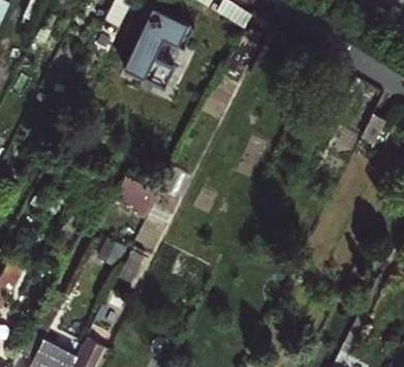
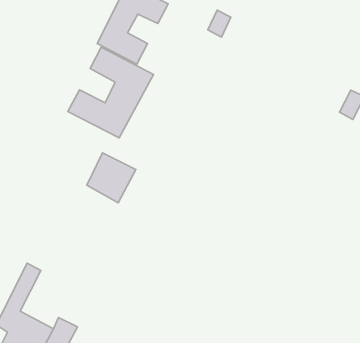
building: none -> [68,47,153,138]

